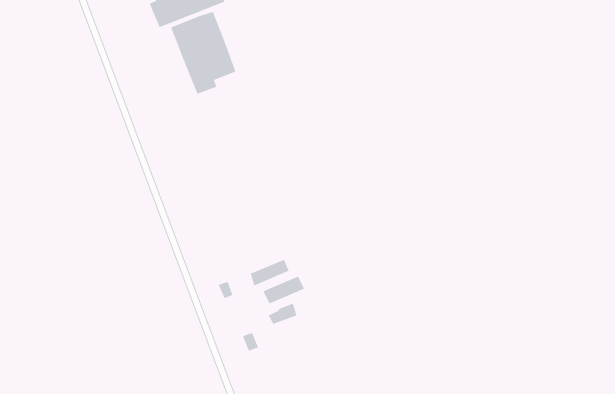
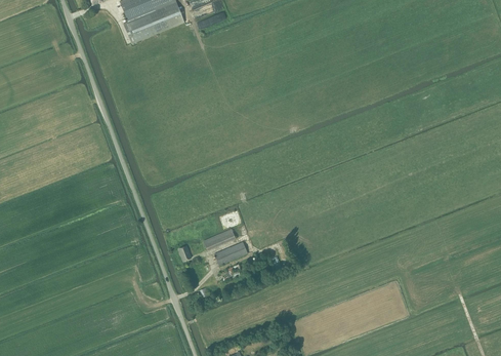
building: [170,11,236,94] -> none

